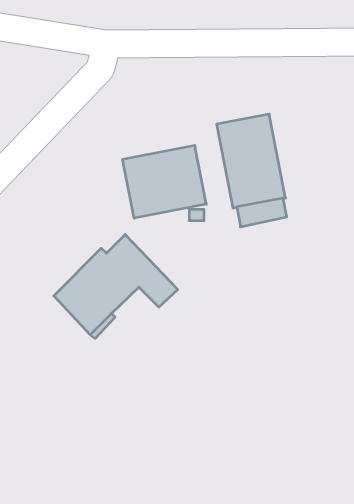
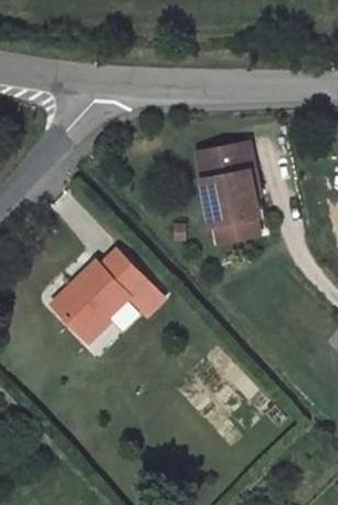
building: [123,145,206,218] -> none

